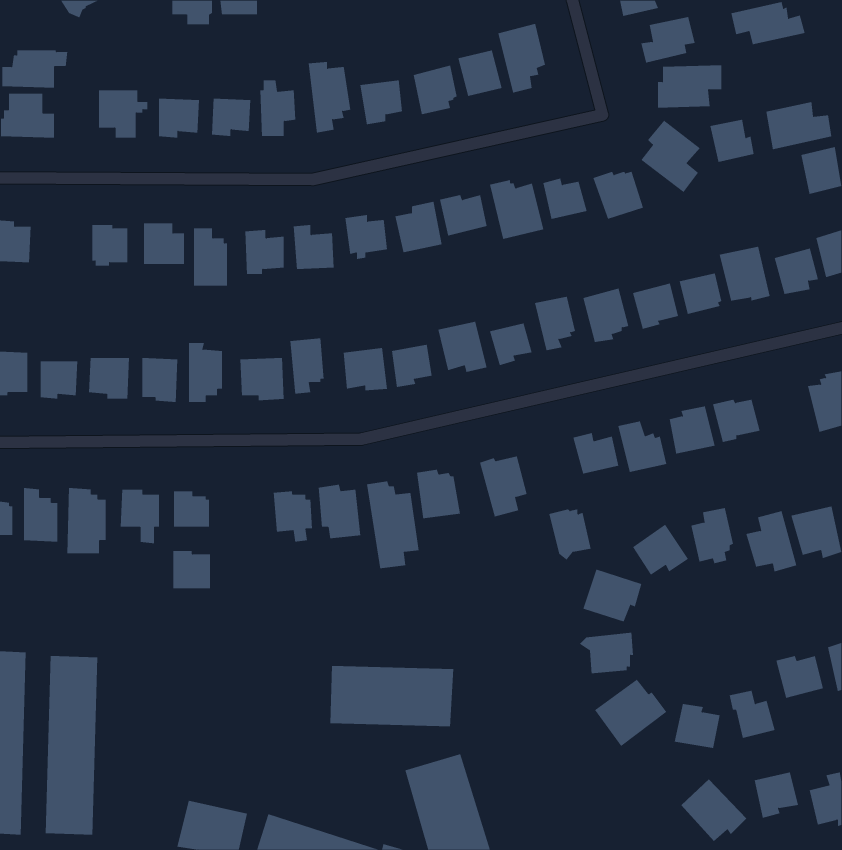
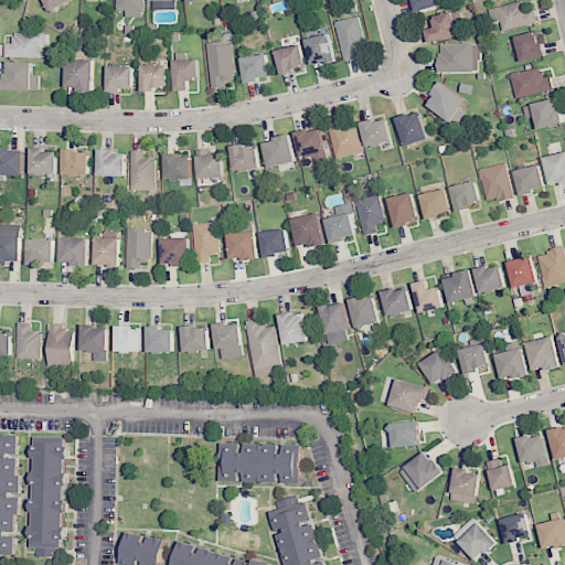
building: [709,119,754,162] -> [514,32,544,61]
building: none -> [28,147,54,175]
building: none -> [507,254,536,294]
building: [548,509,592,561] -> [348,296,376,330]
building: [173,551,211,589] -> [146,327,171,352]

